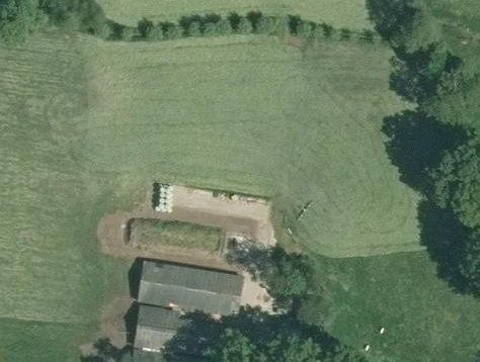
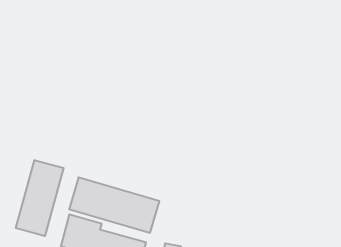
building: none -> [16,160,64,236]

